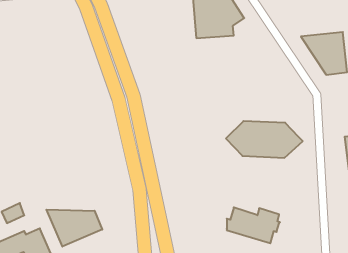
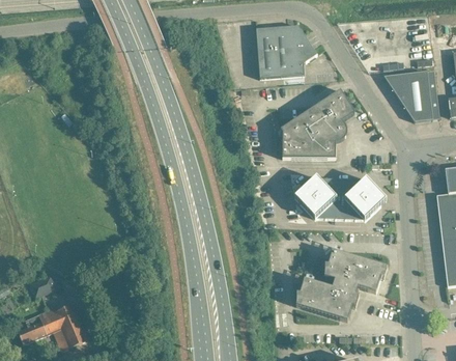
building: none -> [280,89,357,158]
building: none -> [324,250,388,291]
building: [46,210,102,247] -> none

